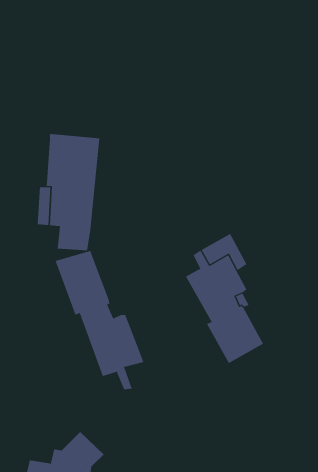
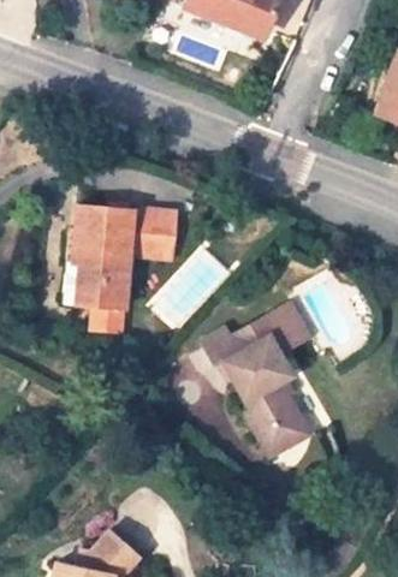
building: none -> [137,213,174,258]
building: [55,250,144,390] -> none

